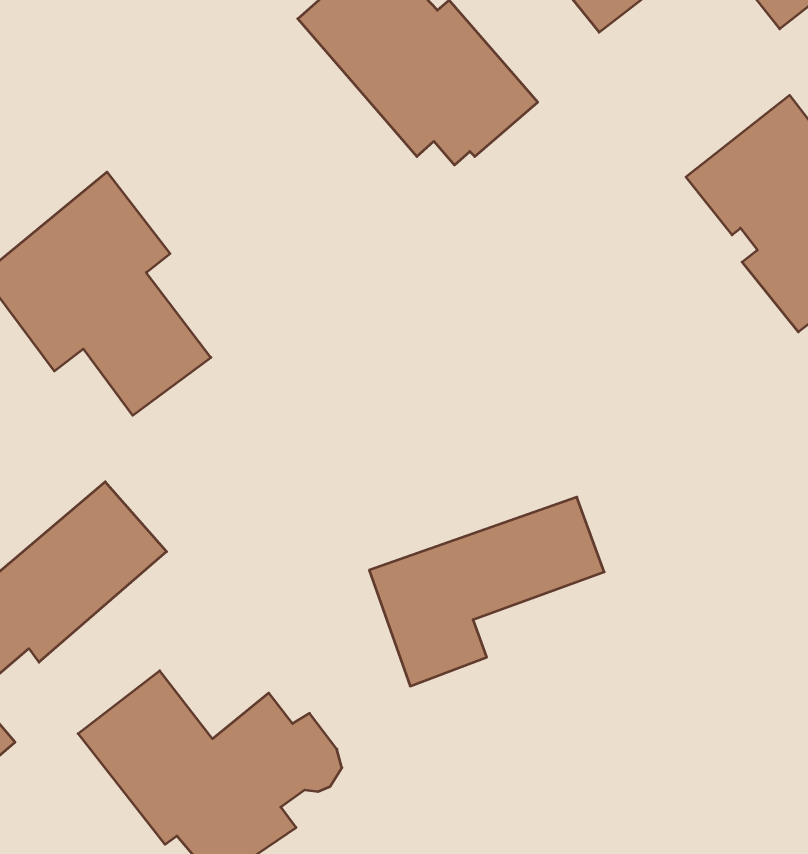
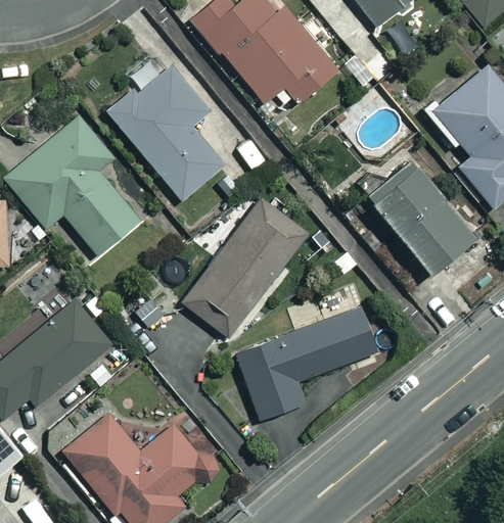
building: none -> [108,65,224,200]
building: none -> [365,156,475,272]
building: none -> [182,196,311,337]

